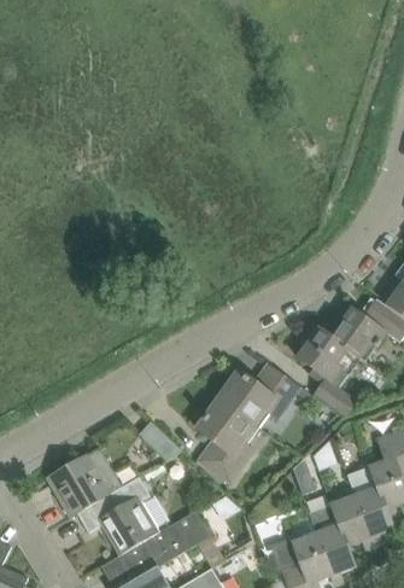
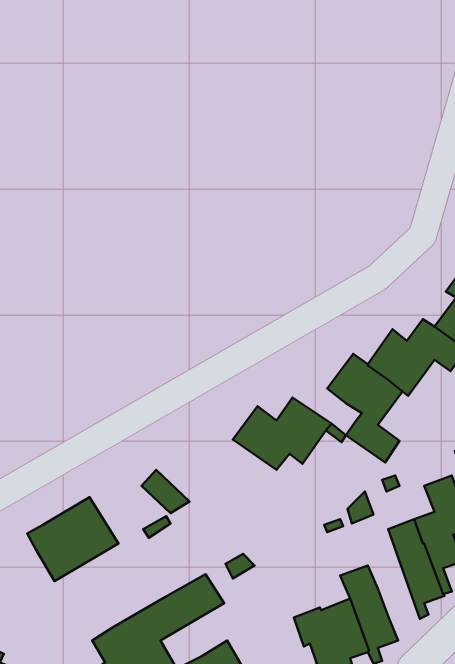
building: [197,398,254,483] -> none
building: [76,476,162,555] -> none
building: [330,494,374,551] -> none

